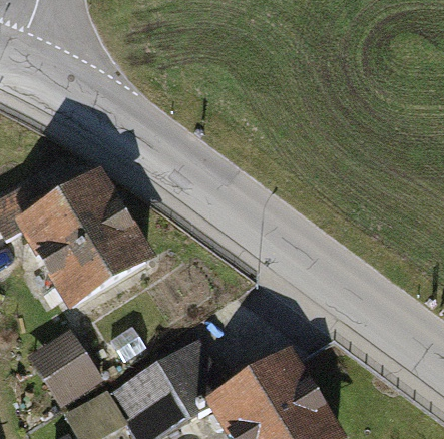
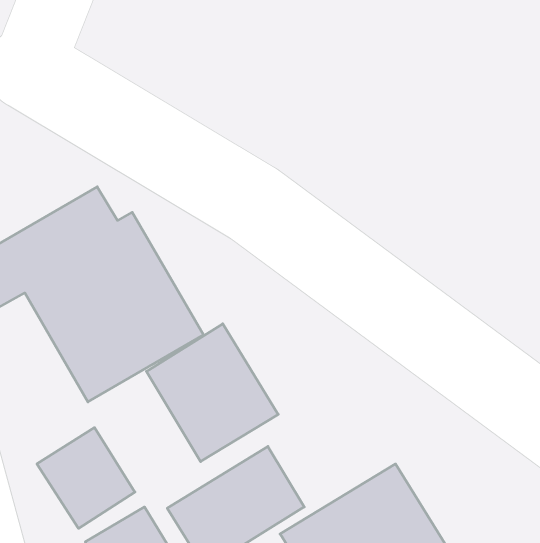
building: none -> [146,324,278,462]

